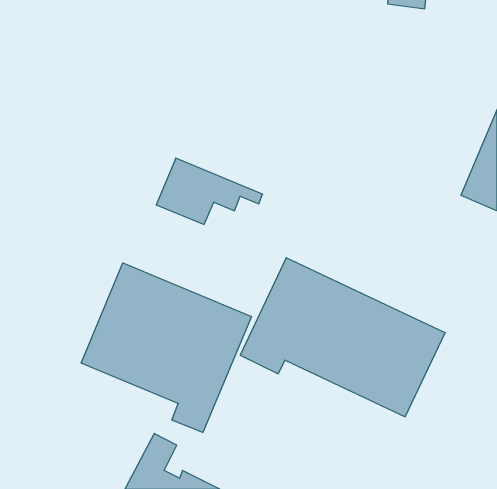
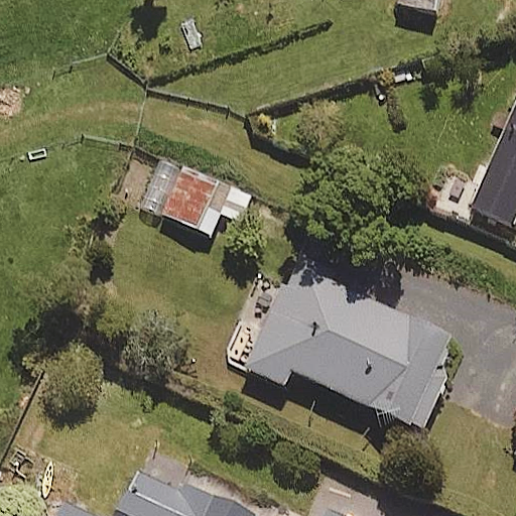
building: [81,263,251,432] -> none

